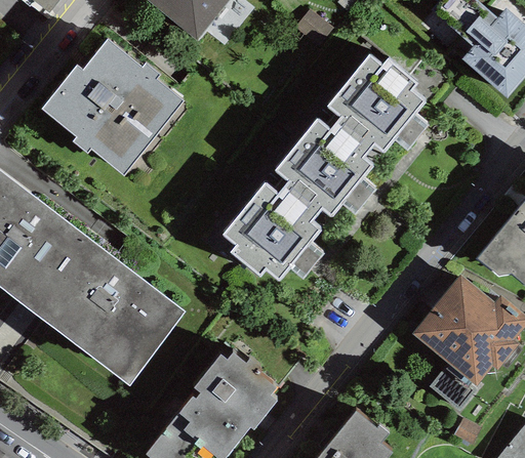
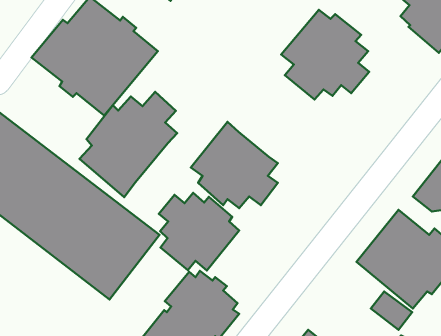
building: [273,115,374,219] -> none
building: none -> [79,92,177,197]
building: none -> [159,193,239,271]

